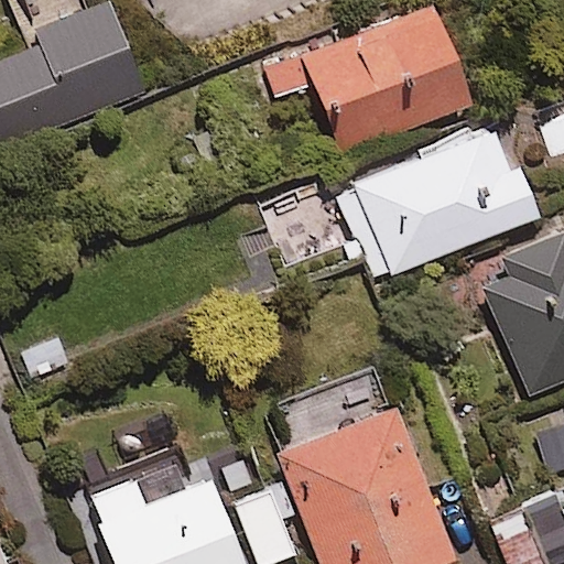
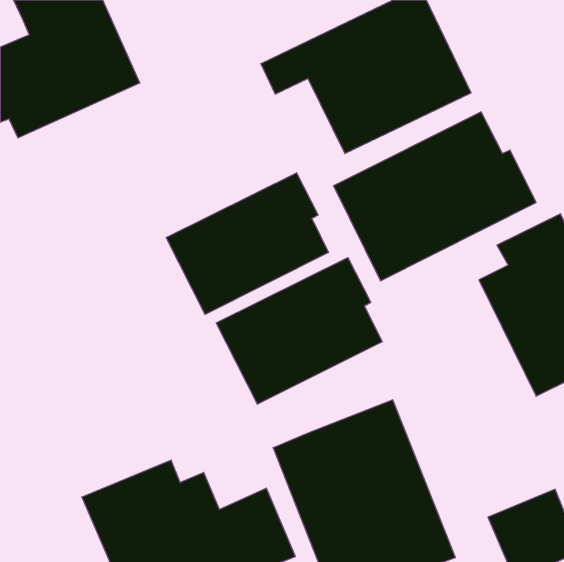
building: none -> [166,173,328,314]
building: none -> [216,258,382,404]

